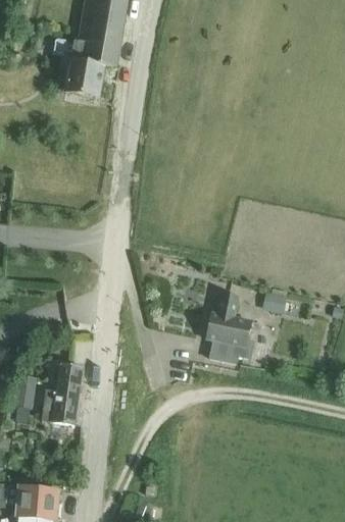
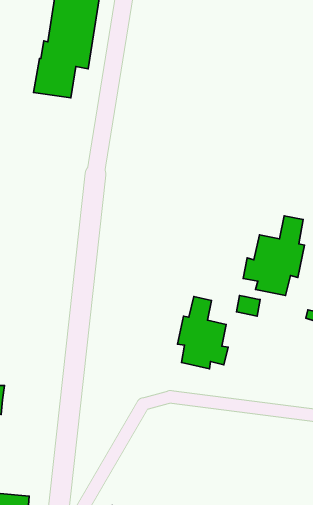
building: none -> [243,216,304,295]
building: [43,363,82,424] -> none

